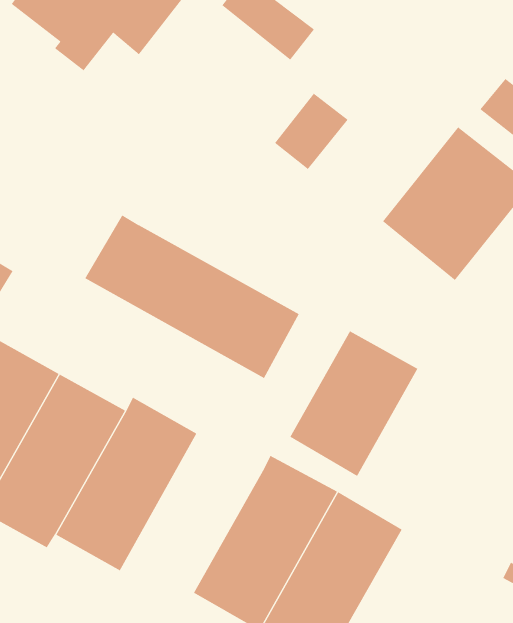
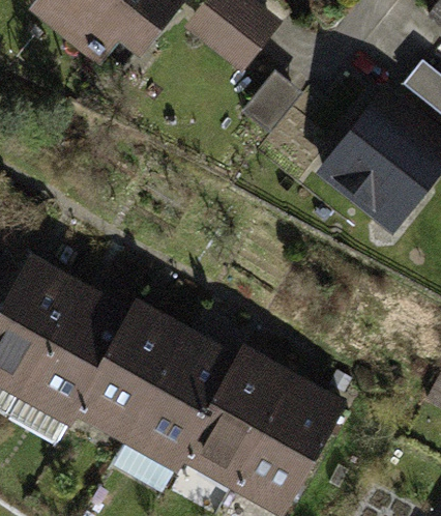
building: [85,214,300,379] -> none
building: [290,331,418,477] -> none
building: none -> [124,337,234,470]

